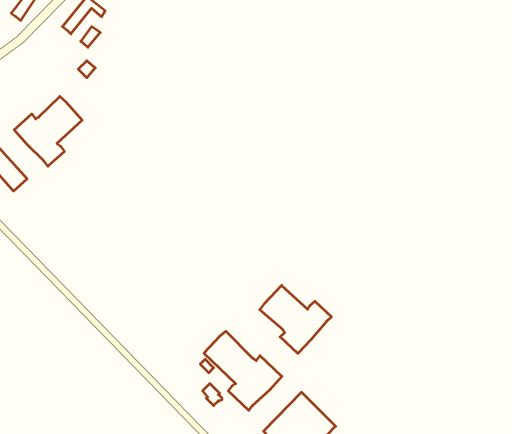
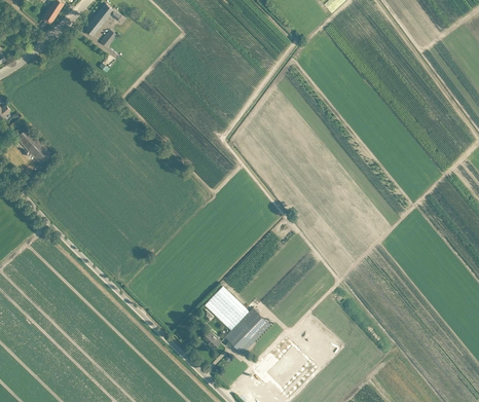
building: [14,96,82,166] -> none
building: [260,285,331,353] -> none

